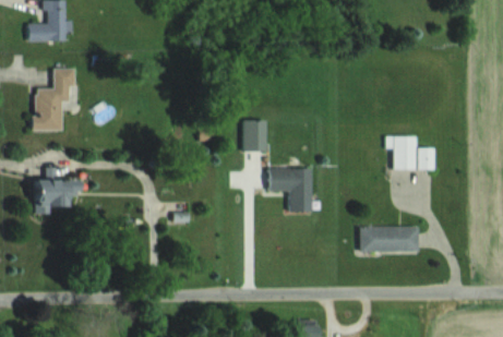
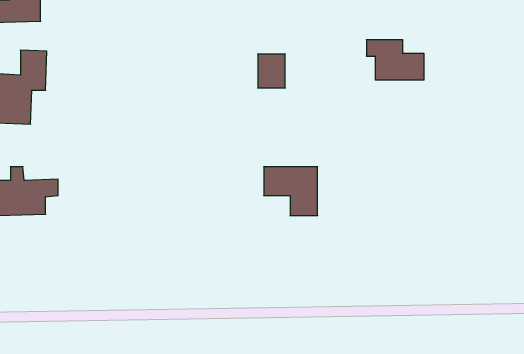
building: [242,120,266,149] -> [258,54,285,88]
building: [385,135,435,170] -> [366,40,424,80]
building: [360,227,419,252] -> none

